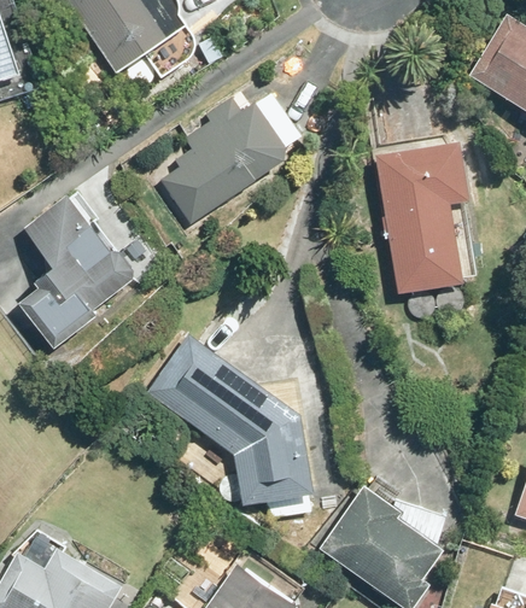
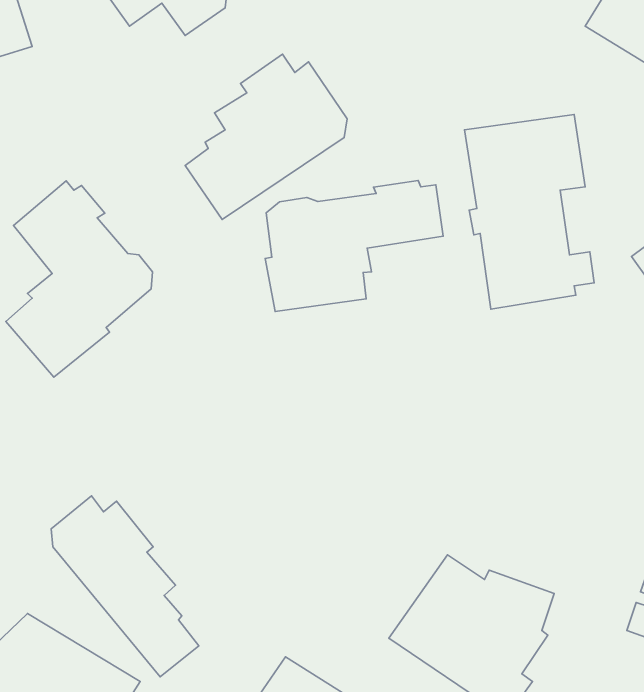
building: none -> [265,181,443,311]
building: [146,333,314,520] -> none
building: none -> [51,496,199,677]

